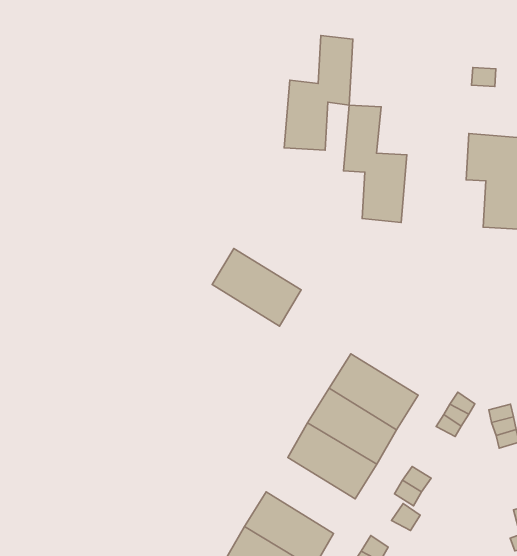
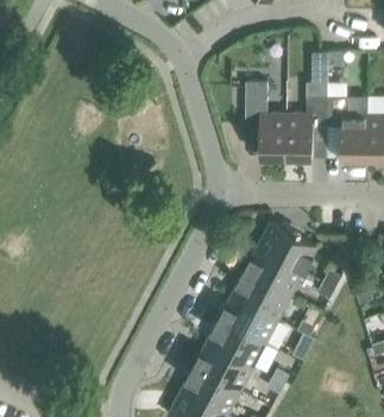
building: [284,35,353,150] -> [285,82,327,158]
building: [212,248,301,326] -> [257,222,316,272]
building: none -> [206,318,265,367]

